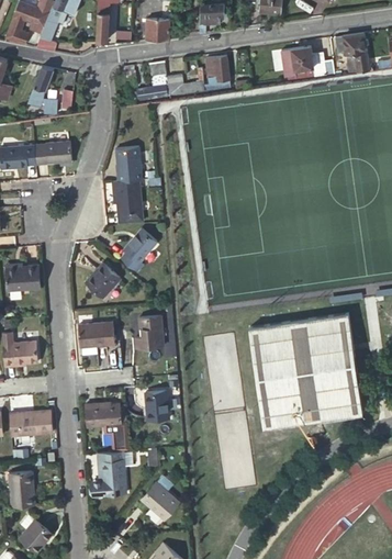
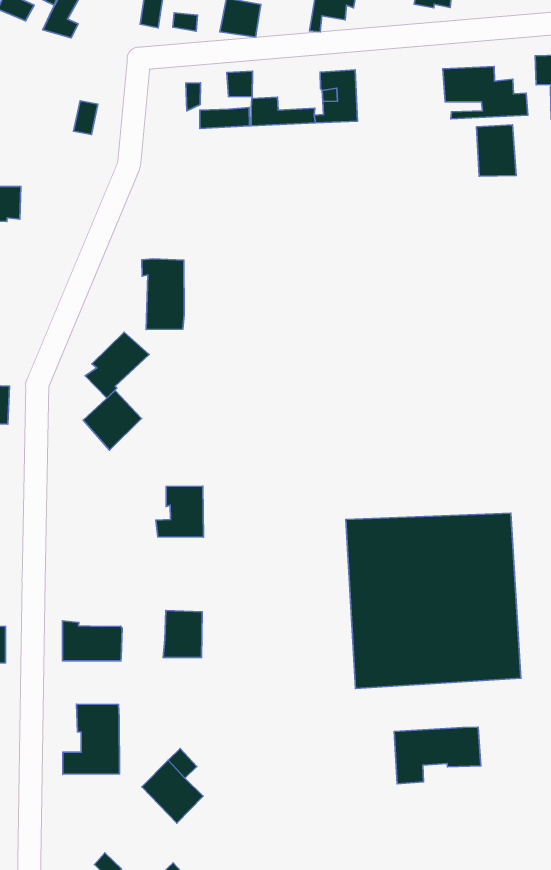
building: [29,67,60,112] -> none
building: none -> [477,125,516,176]
building: [34,139,71,164] -> none
building: [115,145,141,180] -> none
building: [120,228,157,269] -> [85,332,149,398]
building: [77,321,114,346] -> none
building: none -> [394,727,481,784]

